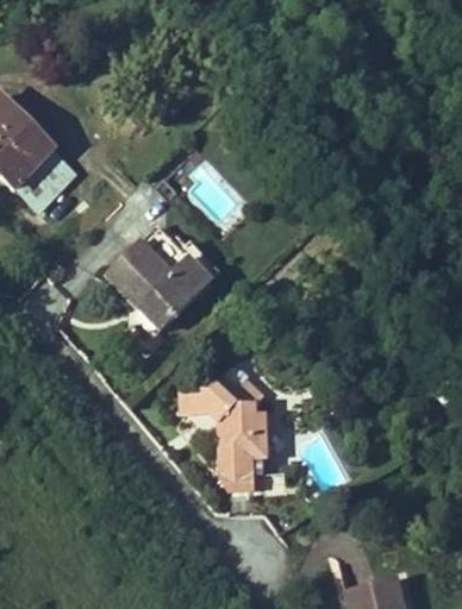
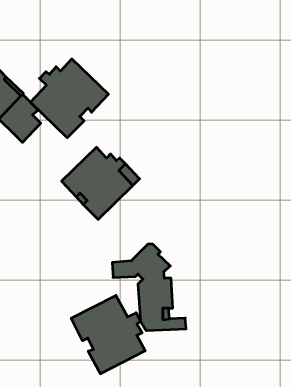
building: none -> [31,59,108,138]
building: none -> [71,295,145,374]

